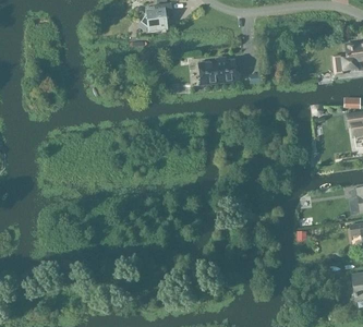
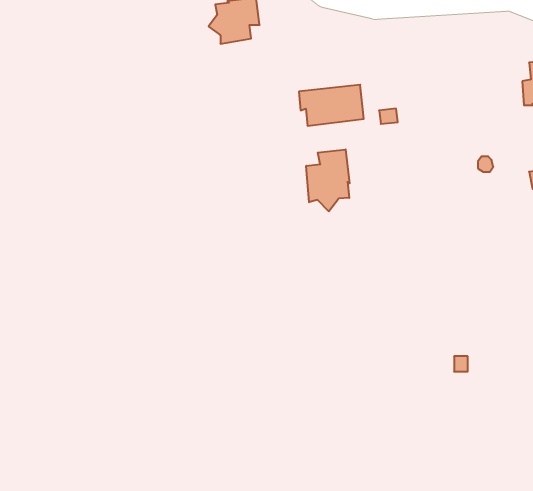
building: none -> [306,149,350,211]

